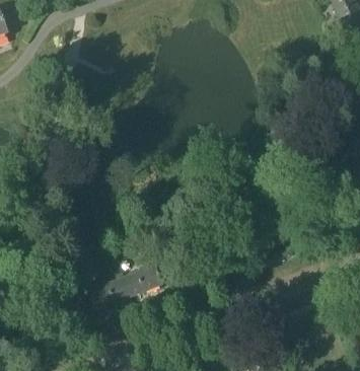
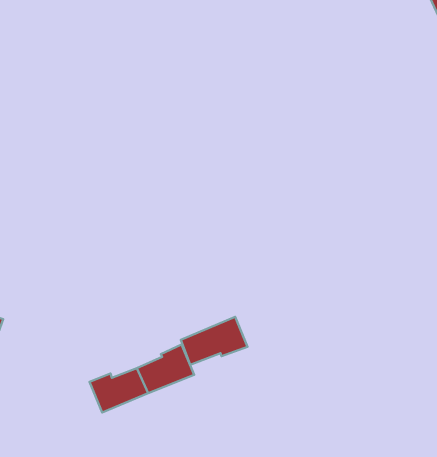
building: none -> [181,317,247,365]

